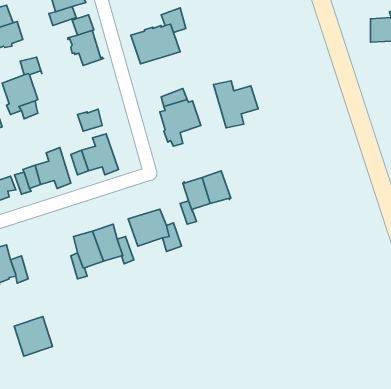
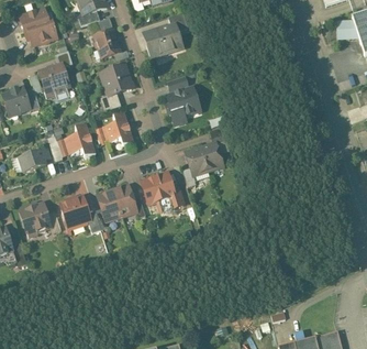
building: none -> [100,64,132,95]
building: [214,81,258,128] -> none
building: [14,316,53,356] -> [59,195,90,227]

